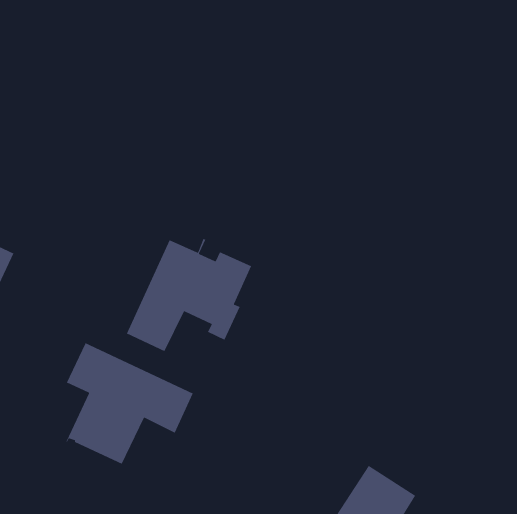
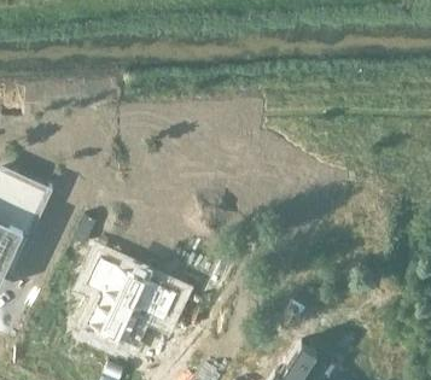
building: [126,238,252,352] -> none

